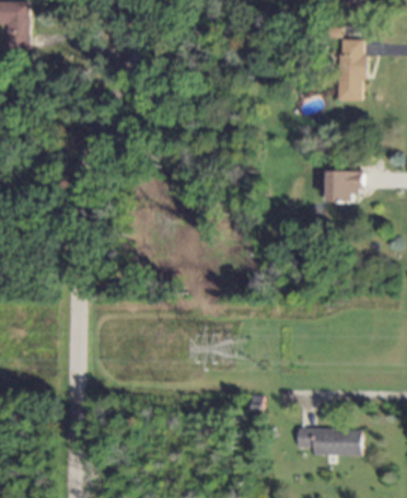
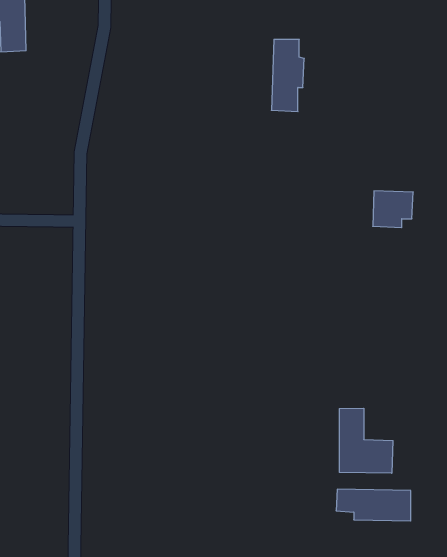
building: [338,38,367,101] -> [271,39,304,112]
building: none -> [339,408,393,473]

